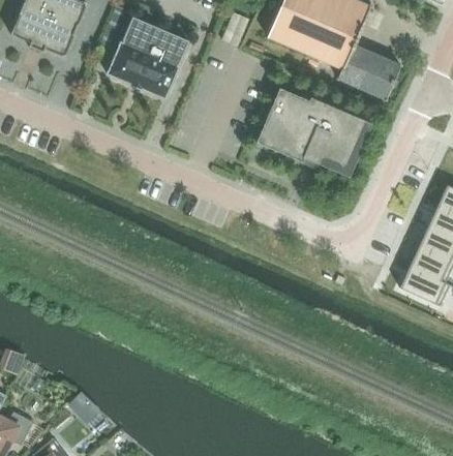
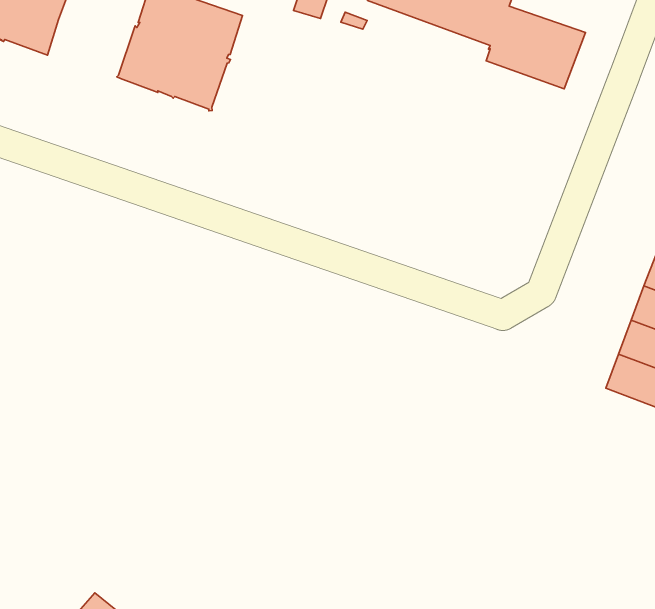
building: [256,88,364,168] -> none

